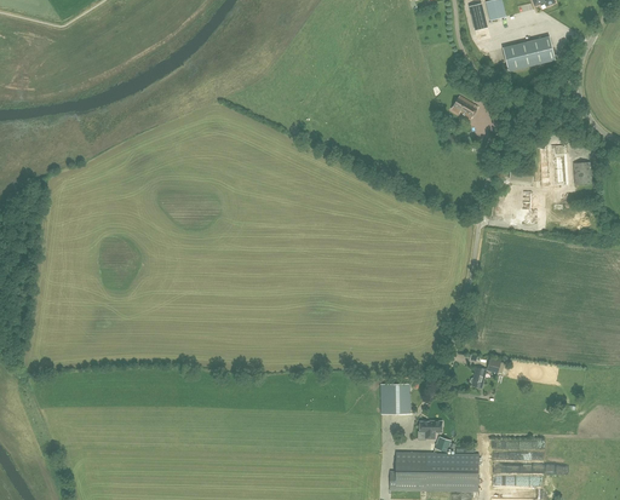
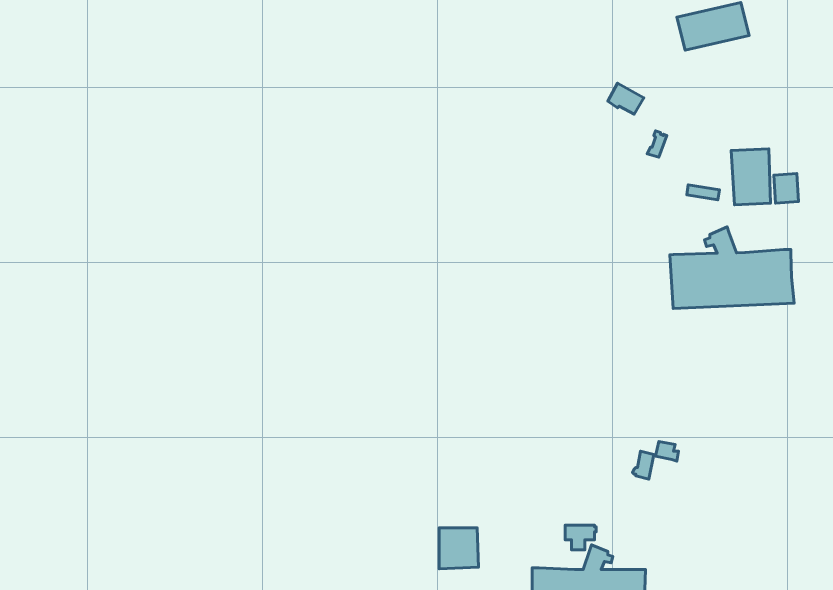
building: none -> [670,227,794,308]
building: [380,383,409,413] -> [439,528,479,569]

